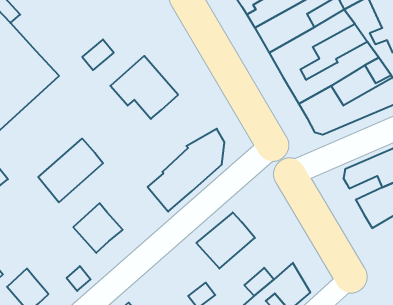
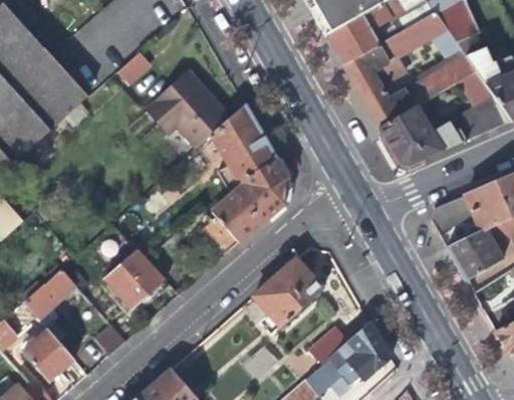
building: none -> [211,104,278,191]
building: [38,139,103,202] -> none
building: none -> [23,268,75,340]

